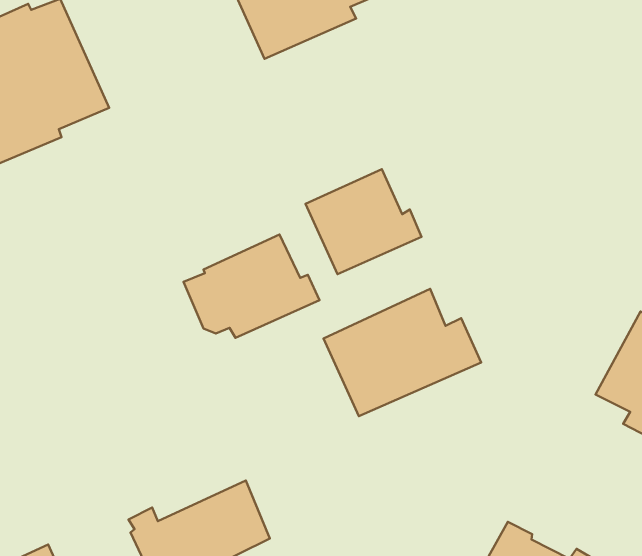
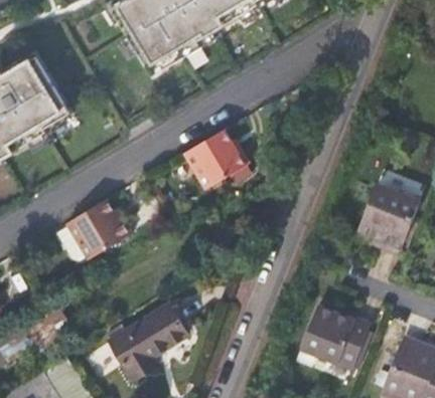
building: [183,235,319,338] -> [57,197,133,256]
building: [324,289,481,416] -> none

